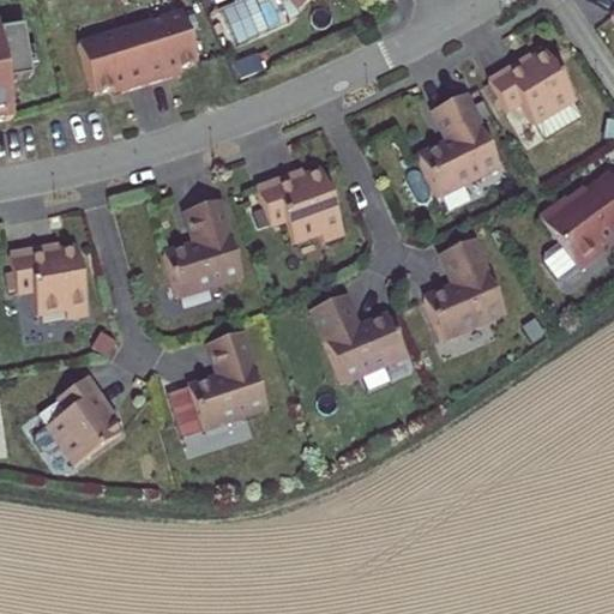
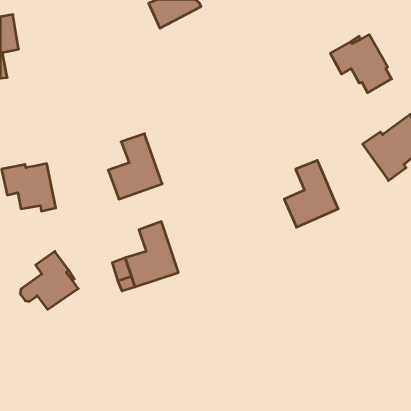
building: [80,7,193,89] -> none
building: [421,92,501,193] -> none
building: [254,167,342,240] -> none
building: [315,291,408,379] -> none

